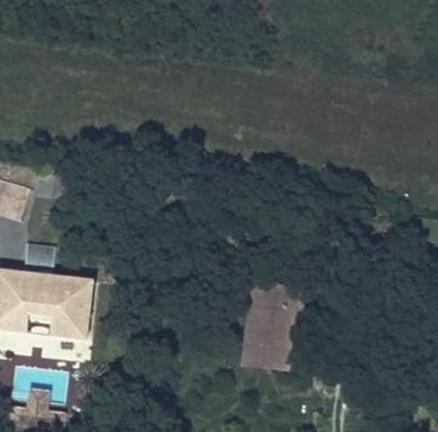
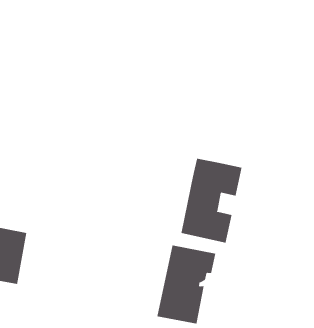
building: none -> [181,158,242,244]

